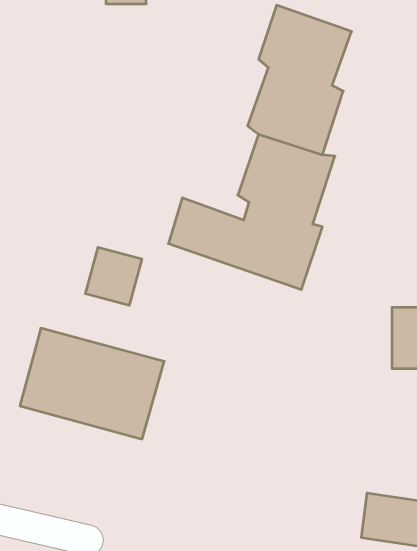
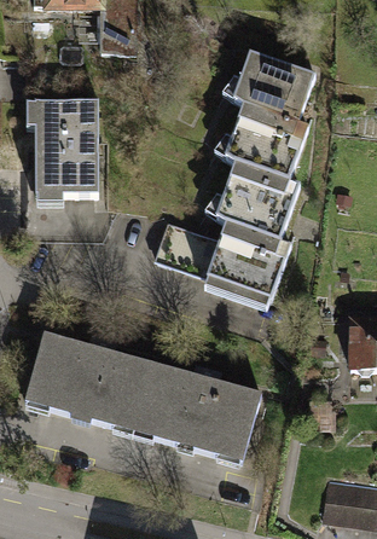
building: none -> [25,64,97,197]
building: [85,247,142,305] -> none
building: none -> [132,364,260,460]

